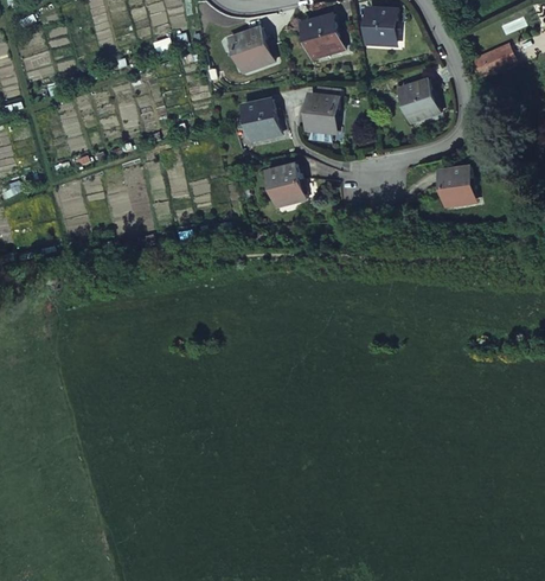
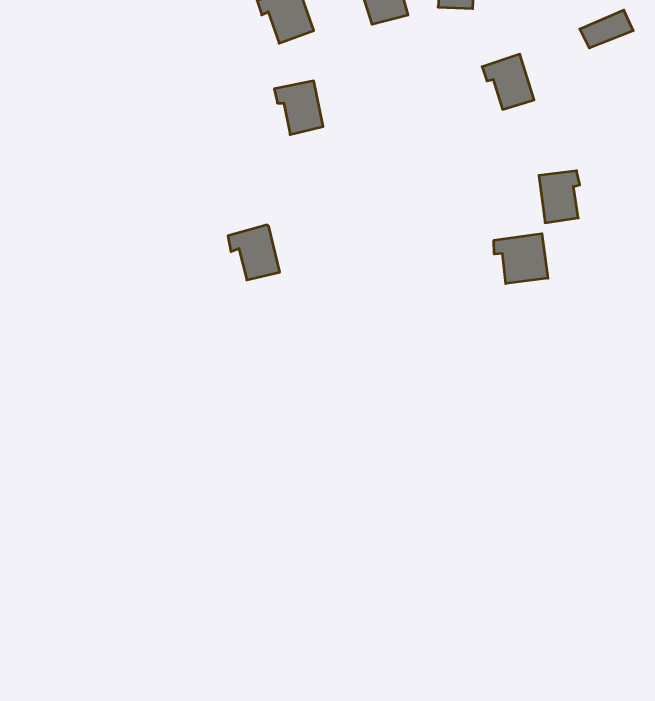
building: [303,95,338,133] -> none
building: [264,164,303,205] -> [228,225,280,280]
building: none -> [494,234,548,284]

